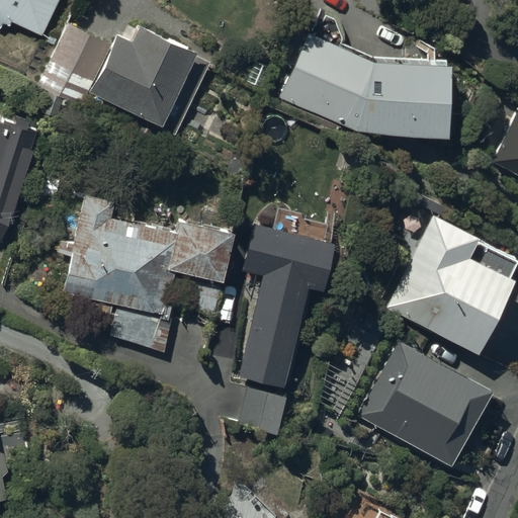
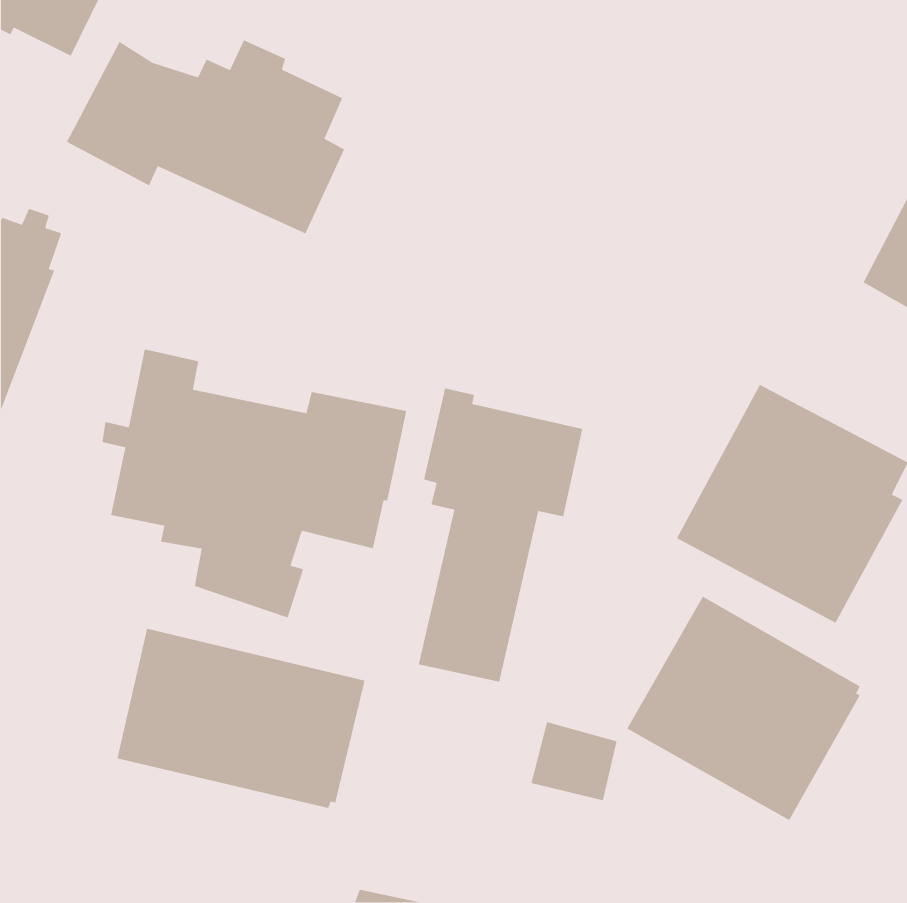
building: [278,32,450,144] -> none
building: none -> [116,628,365,809]
building: [237,386,286,432] -> [531,721,618,801]

